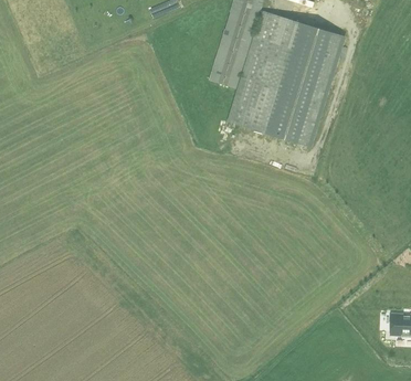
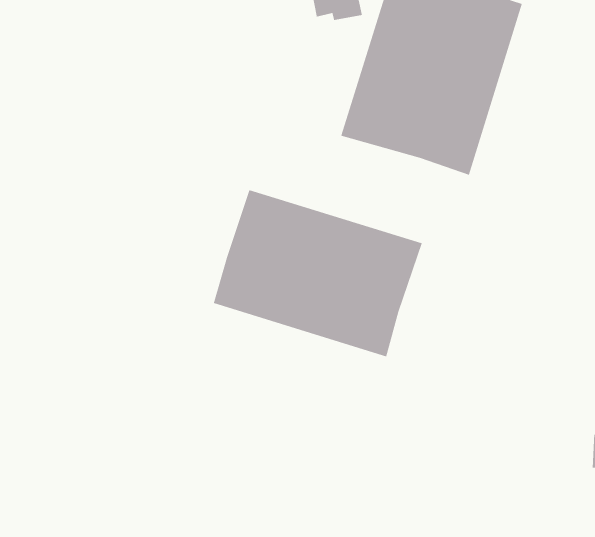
building: none -> [213,189,423,357]

